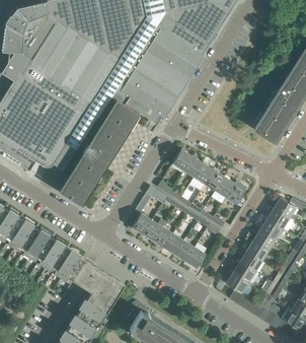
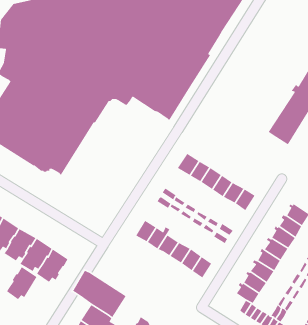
building: [58,100,139,206] -> none
building: [54,251,84,283] -> [5,266,37,300]

